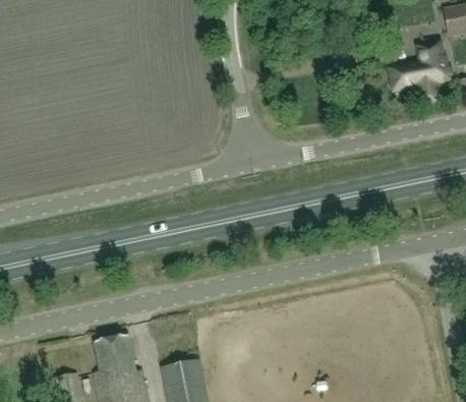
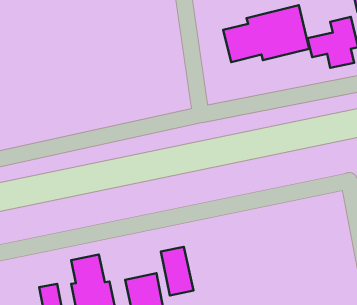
building: none -> [223,5,309,62]
building: none -> [161,247,194,296]

